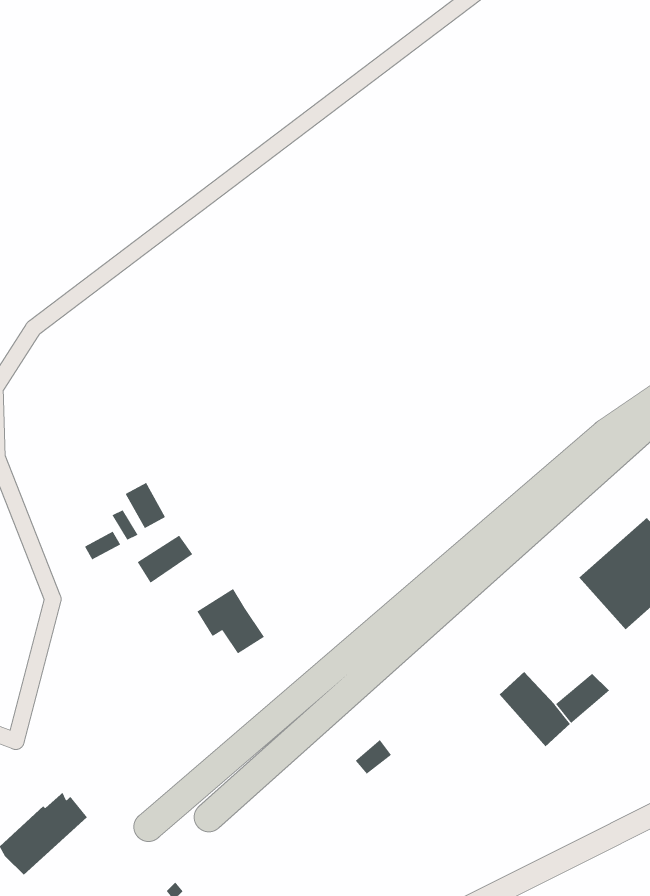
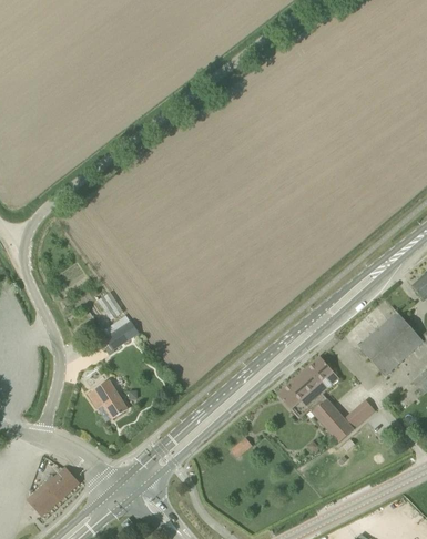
building: [197,588,265,654] -> [89,380,128,418]
building: none -> [278,357,338,413]

